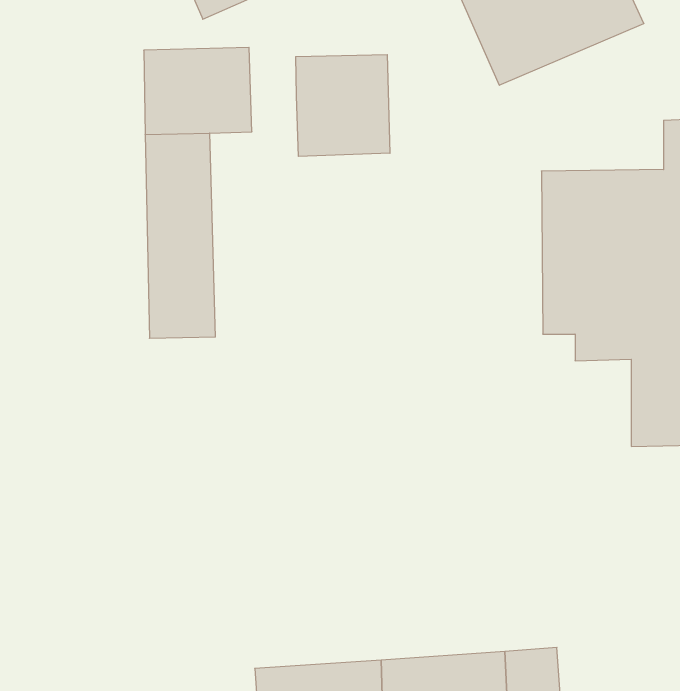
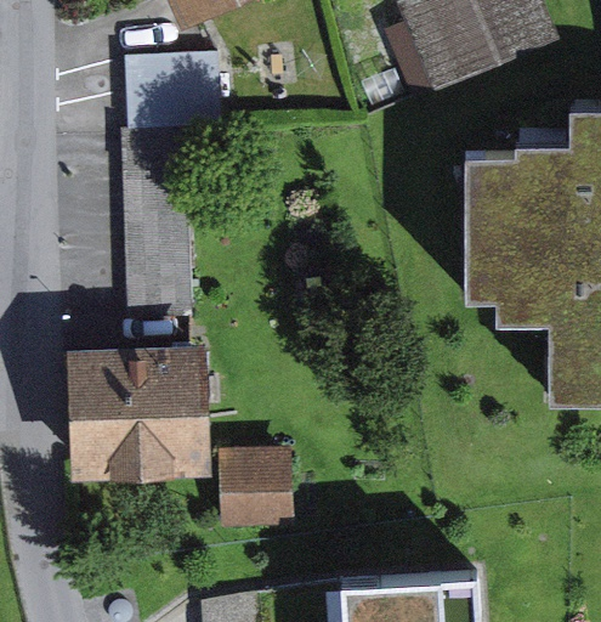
building: [296,55,390,156] -> none
building: none -> [69,346,209,481]
building: none -> [226,451,294,526]

